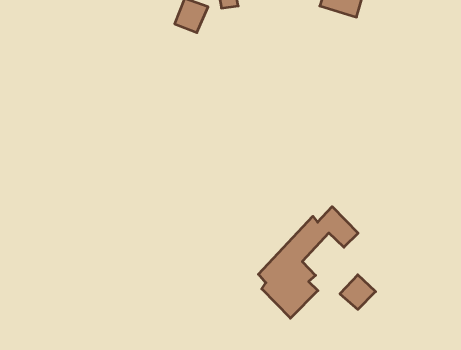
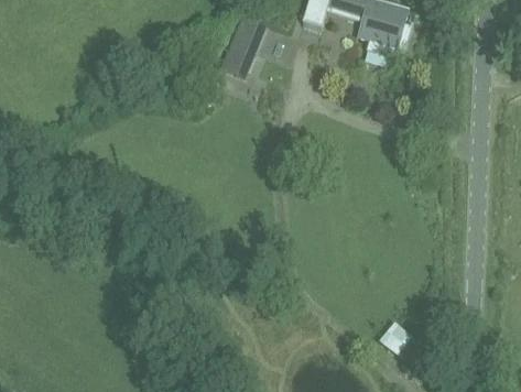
building: [258,207,358,318] -> none

